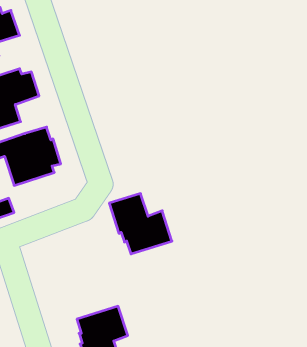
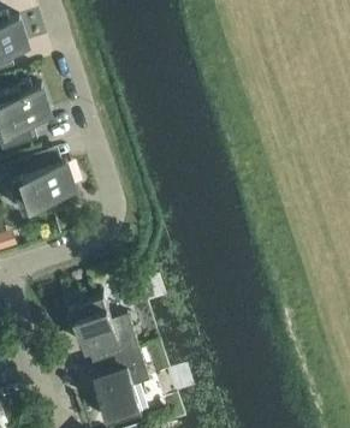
building: [109,194,172,254] -> [69,296,138,363]

